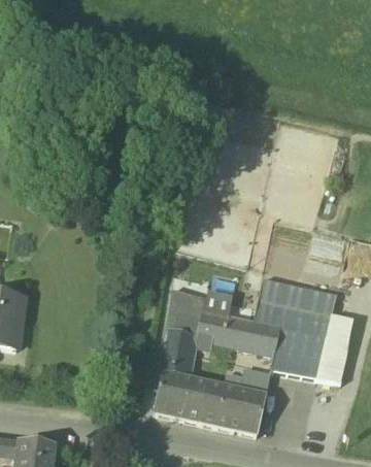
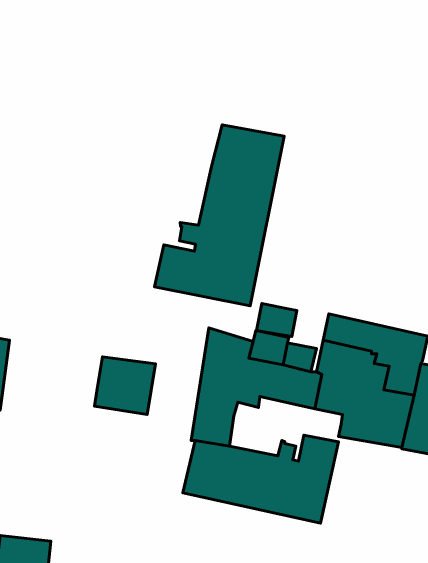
building: none -> [155,125,284,306]
building: none -> [257,304,297,337]
building: none -> [95,357,155,414]

